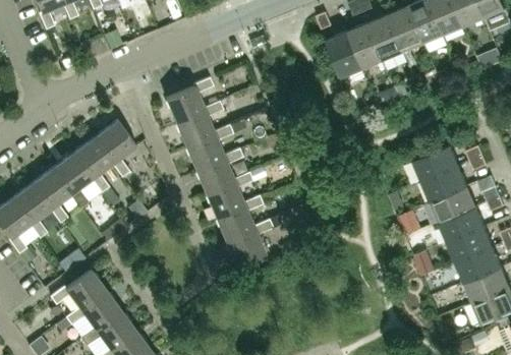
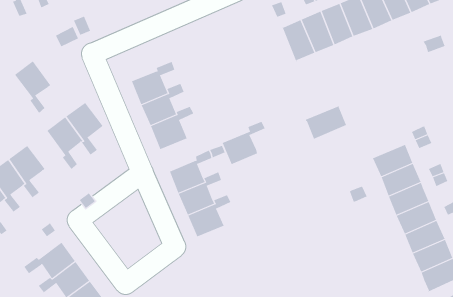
building: [414,144,459,181] -> [305,105,347,139]
building: [196,149,243,195] -> [222,121,266,165]
building: [55,152,95,209] -> [14,60,51,114]

